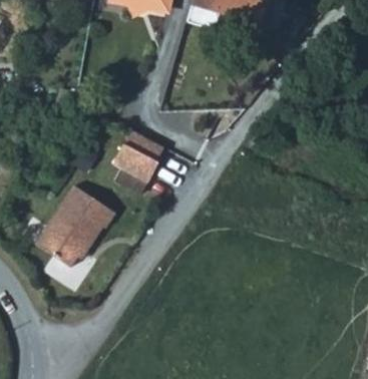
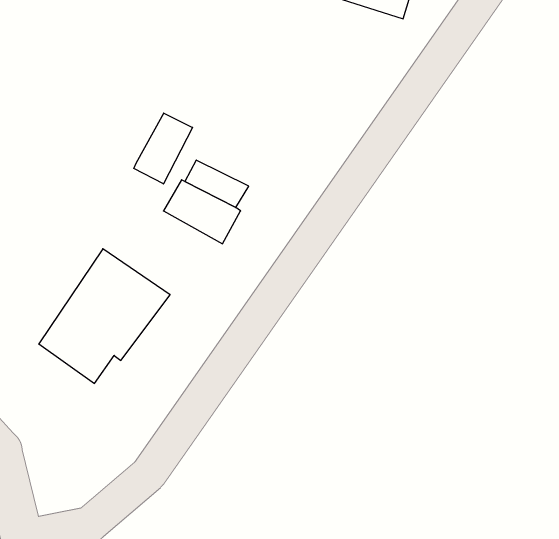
building: none -> [134,113,193,184]

